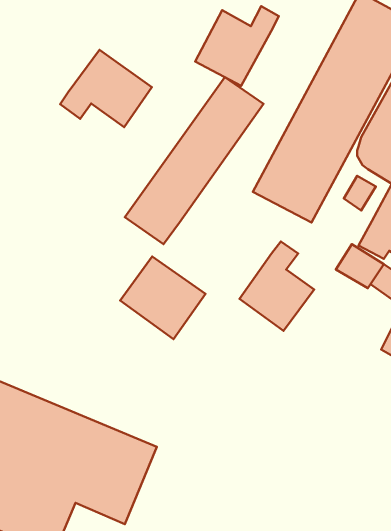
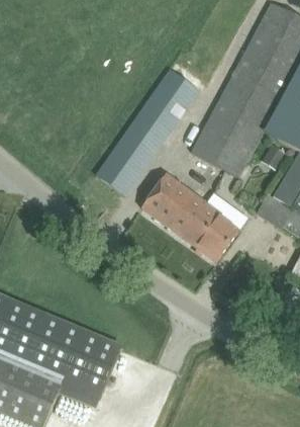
building: [195,6,279,86] -> none
building: [60,50,152,127] -> none
building: [120,256,206,339] -> [142,172,207,235]

